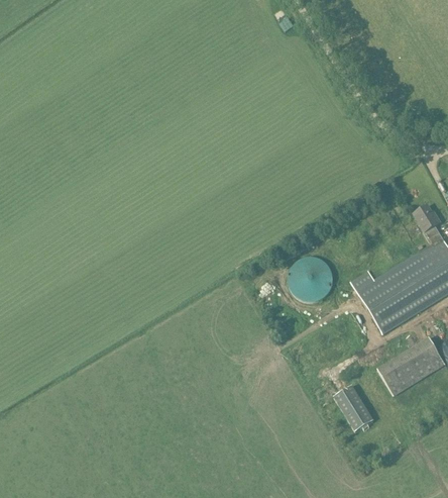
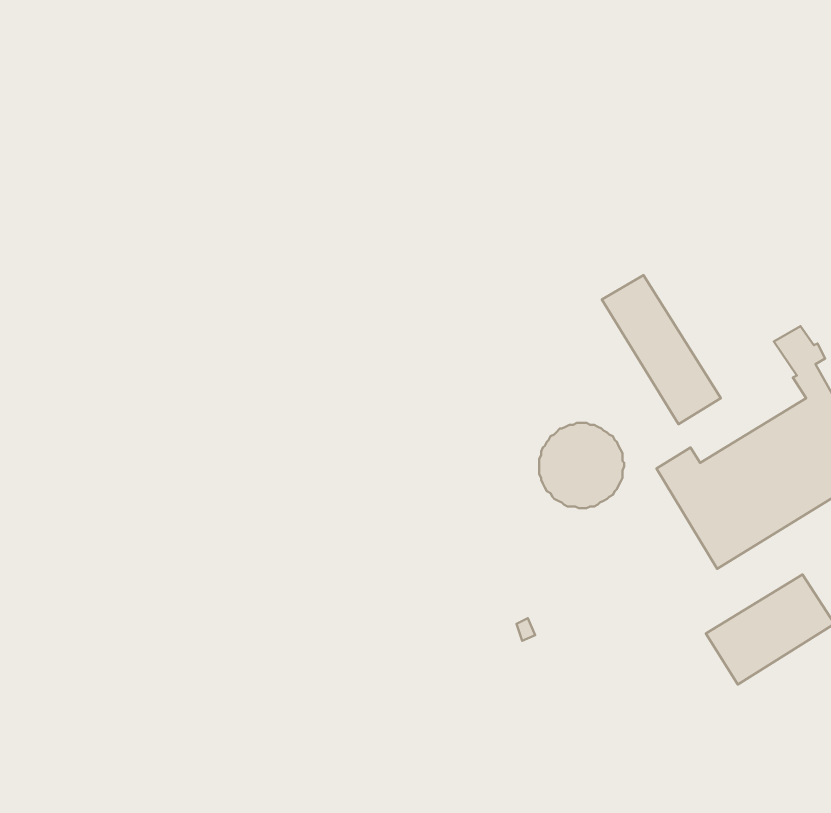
building: none -> [602,275,721,424]
building: [332,385,374,433] -> none

